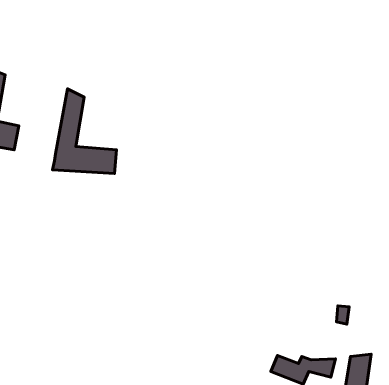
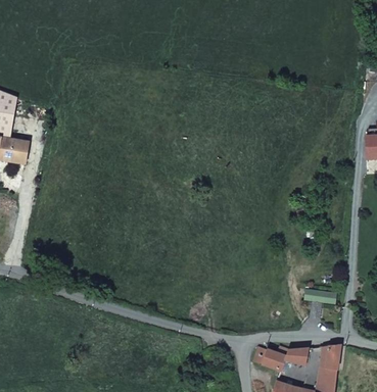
building: [53,89,117,173] -> none

